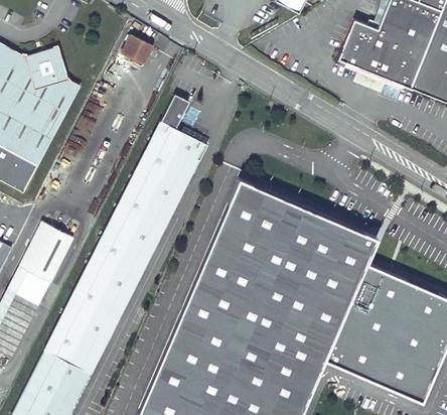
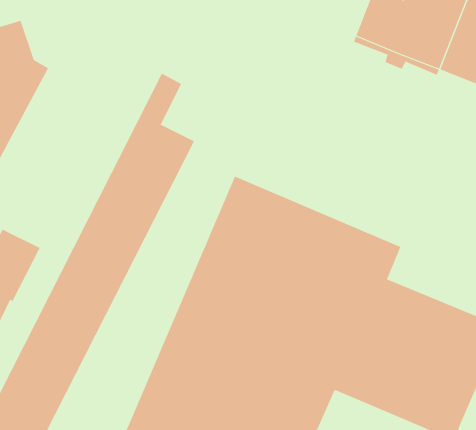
building: [122,36,153,65] -> none

